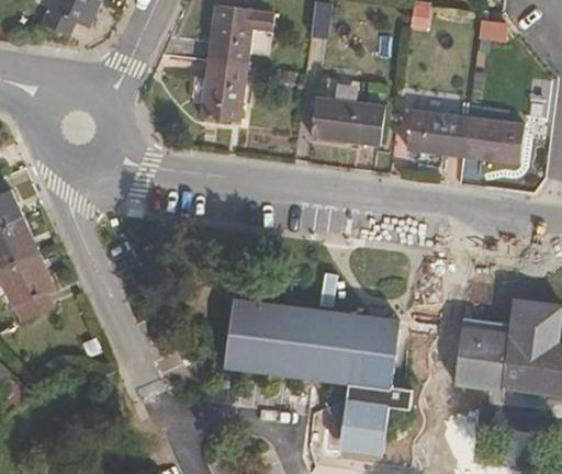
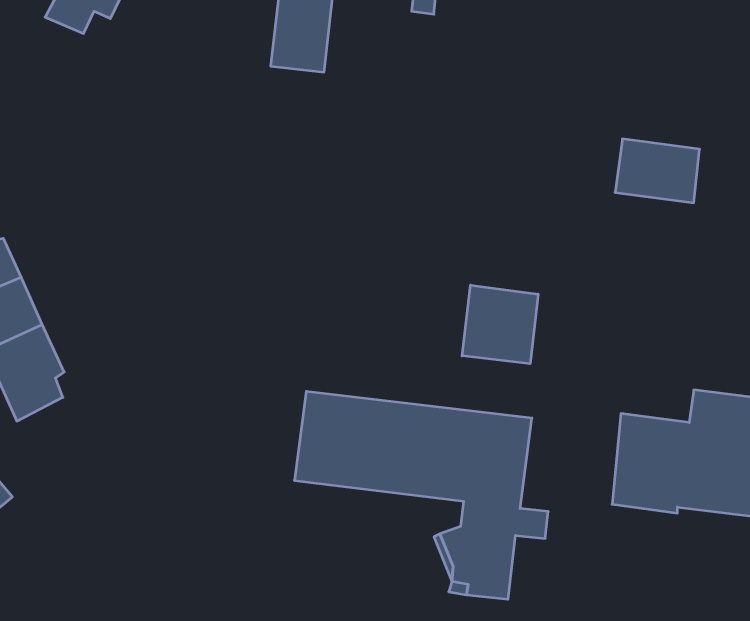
building: [200,61,246,122] -> none
building: [310,95,384,145] -> none
building: [406,109,467,155] -> none
building: none -> [462,285,538,364]

